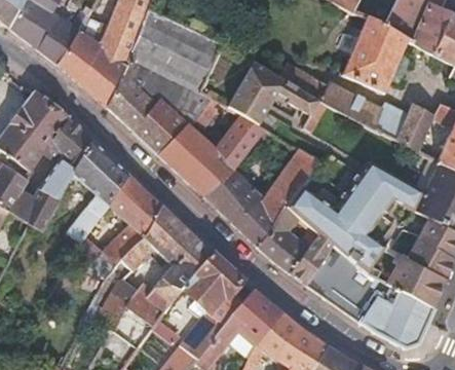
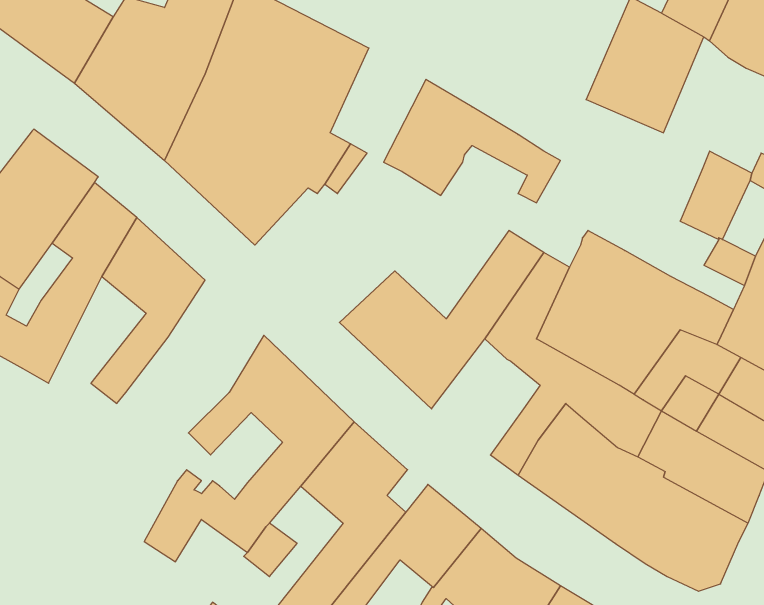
building: [305,77,408,142] -> none
building: [158,114,265,198] -> none
building: [73,175,163,280] -> none
building: [257,208,308,272] -> none

